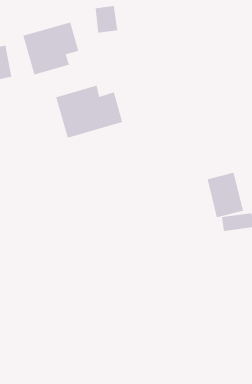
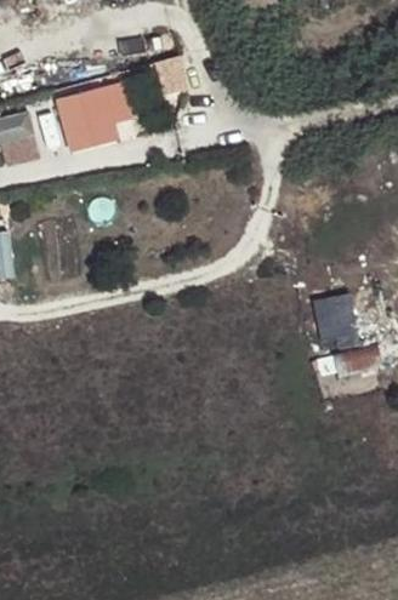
building: [55,85,123,138] -> none

